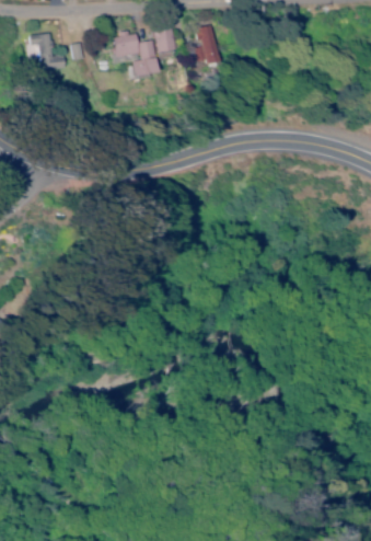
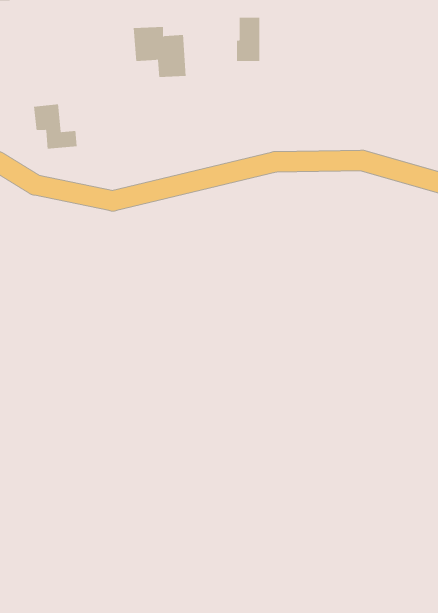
building: [154,26,177,58] -> none
building: [28,33,65,70] -> [33,104,78,149]

